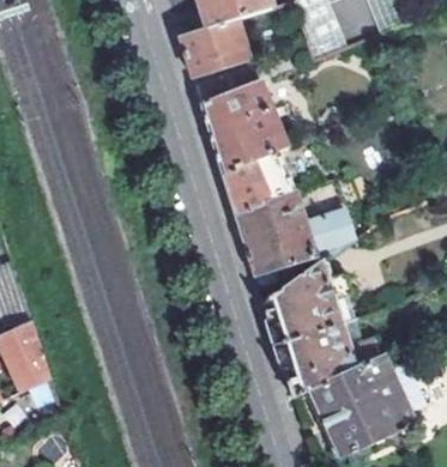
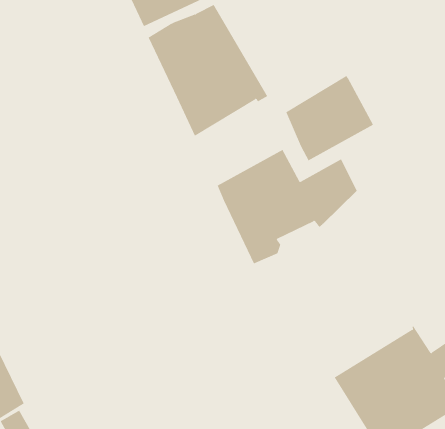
building: [222,150,294,217] -> [286,75,374,161]
building: [261,261,381,399] -> none

